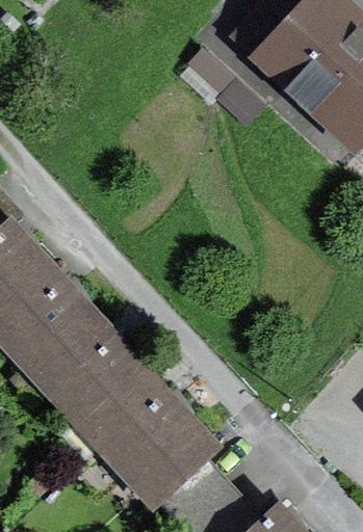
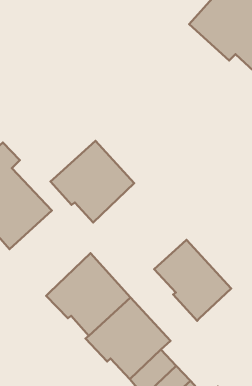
building: [9,293,118,399] -> [51,141,134,223]
building: none -> [154,240,231,321]

